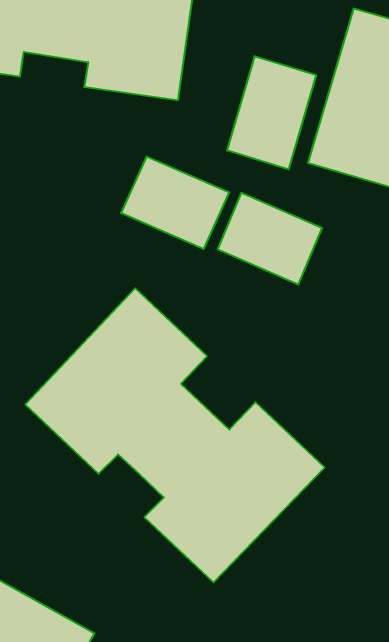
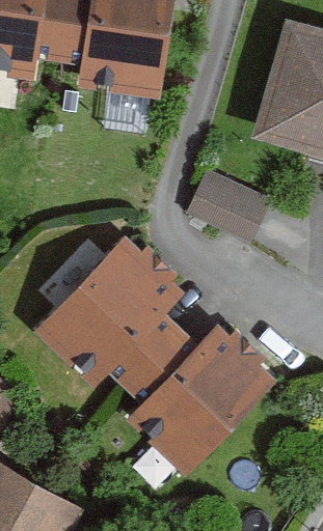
building: [227,56,316,169] -> none
building: [121,156,229,249] -> none

